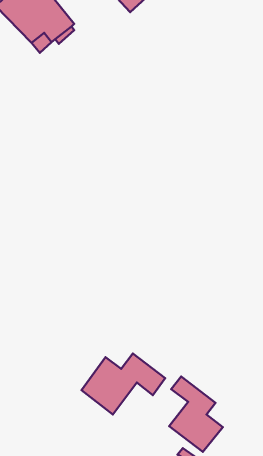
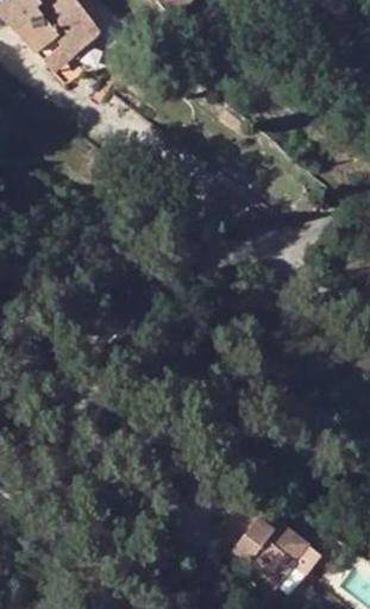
building: [82,354,165,414] -> none

